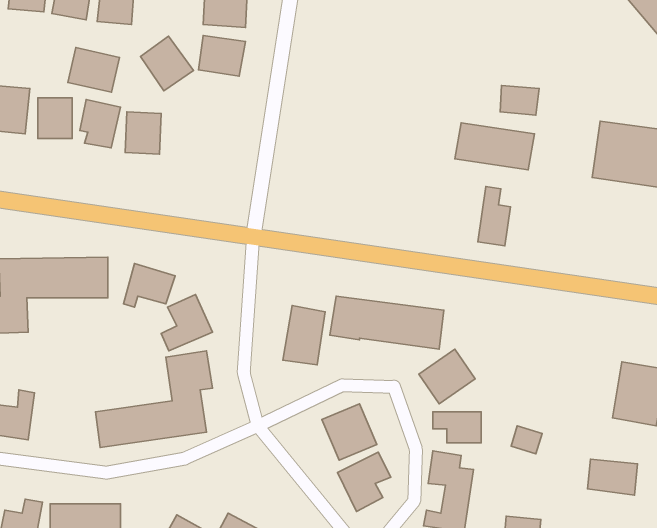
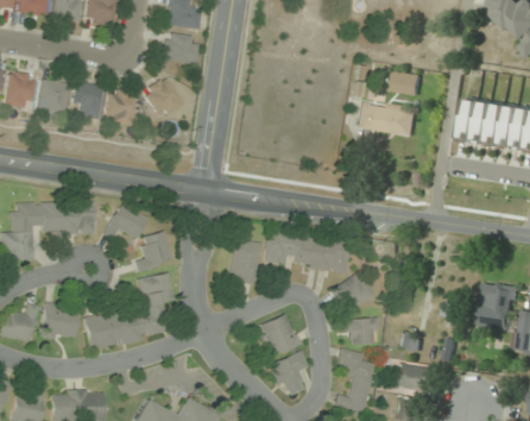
building: [140,36,194,91] -> [143,77,183,119]
building: [68,48,119,92] -> none
building: [478,187,511,246] -> none
building: none -> [40,303,77,341]
building: [587,459,637,495] -> [393,363,431,390]

